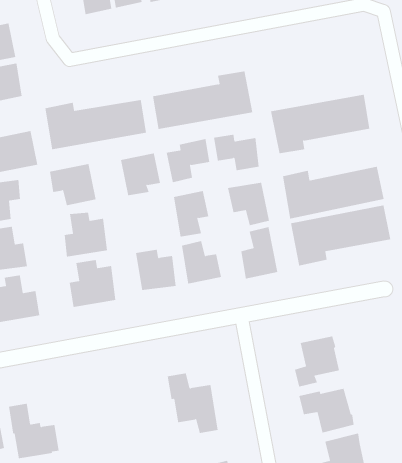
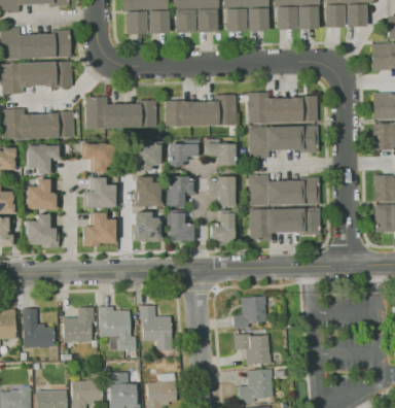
building: none -> [247,92,317,123]
building: none -> [133,176,160,206]
building: none -> [100,306,137,350]
building: none -> [64,307,96,343]

